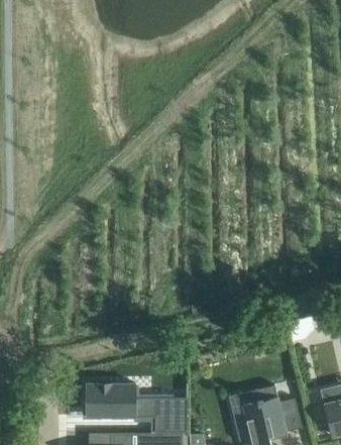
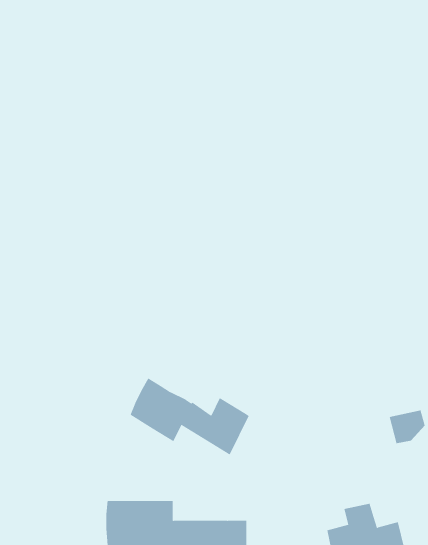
building: none -> [130,378,249,455]

